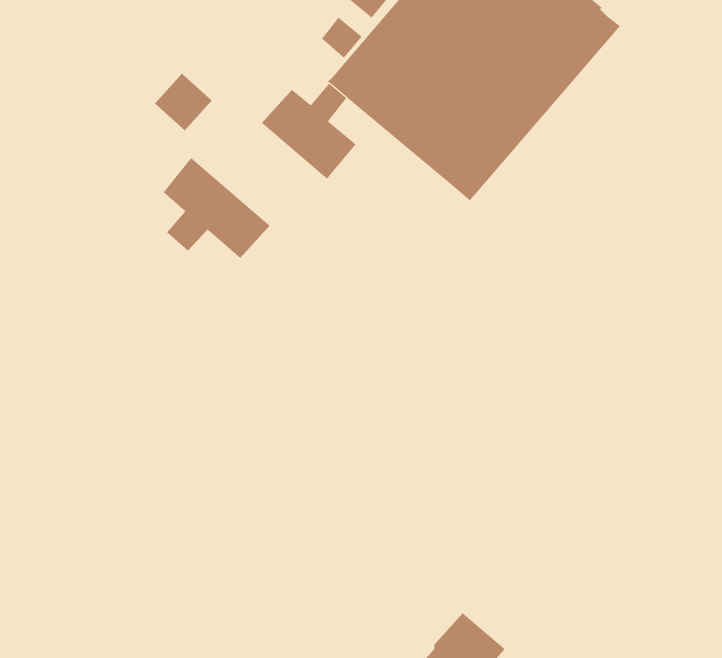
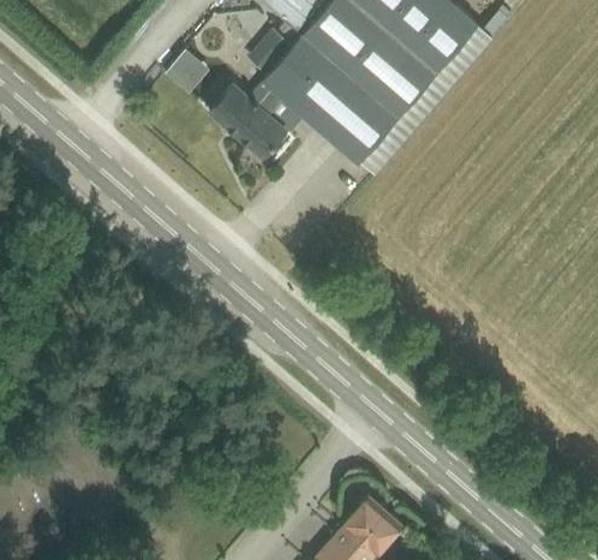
building: [154,73,212,131] -> [167,46,213,91]
building: [163,157,270,259] -> none

